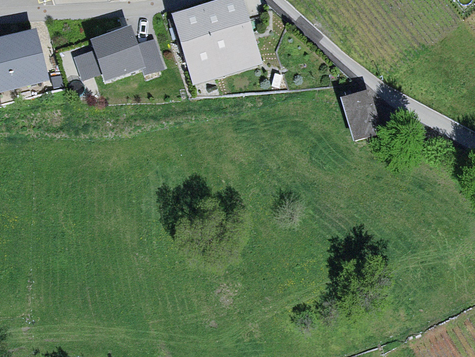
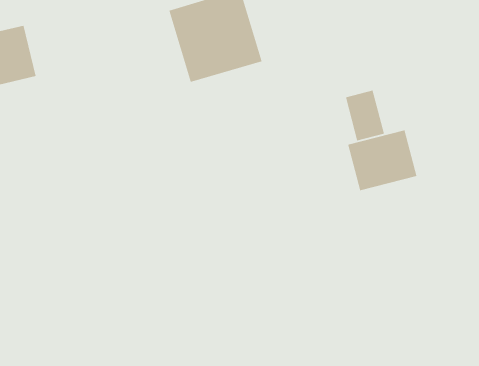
building: [91,26,163,83] -> none
building: none -> [348,130,417,191]

